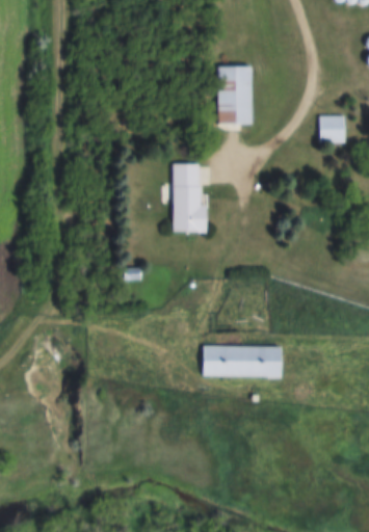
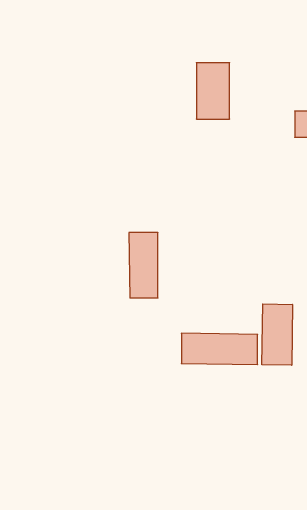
building: [174,164,204,232] -> [129,233,158,298]
building: none -> [262,304,292,365]

